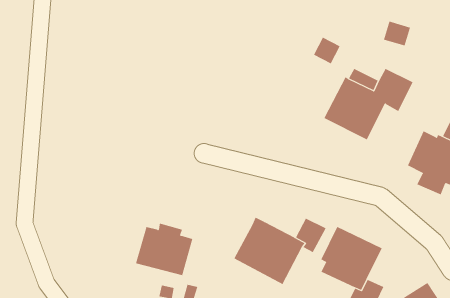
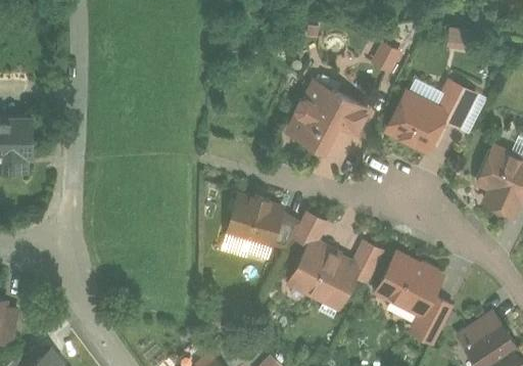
building: none -> [284,77,374,155]
building: none -> [291,212,330,248]
building: [135,223,193,276] -> [224,192,286,249]

